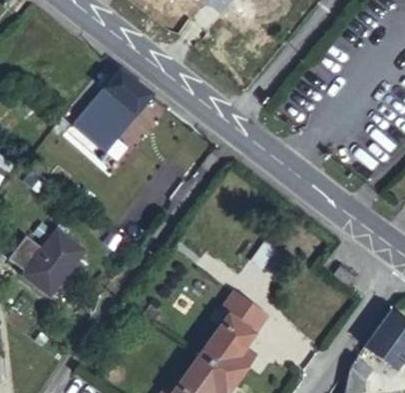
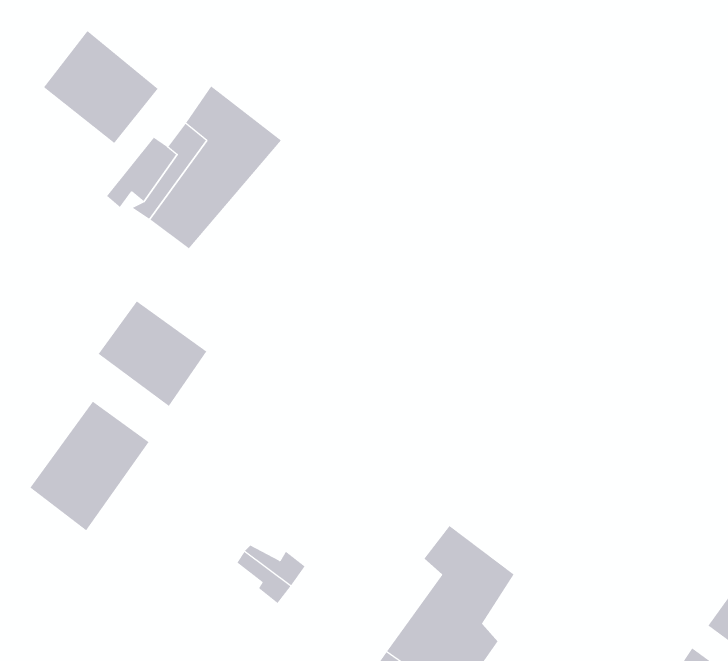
building: none -> [43,30,159,144]
building: none -> [98,300,207,407]

